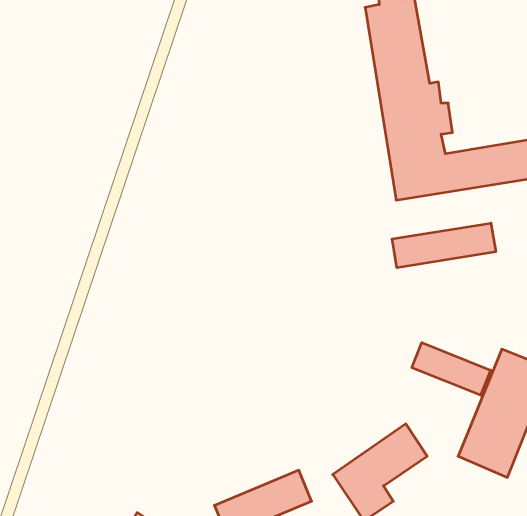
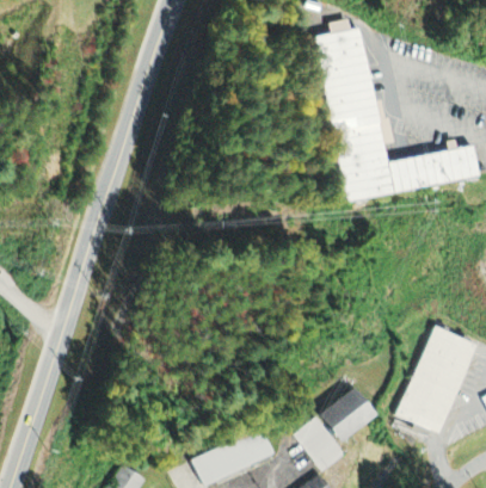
building: [392,223,496,268] -> none
building: [412,343,491,395] -> none

